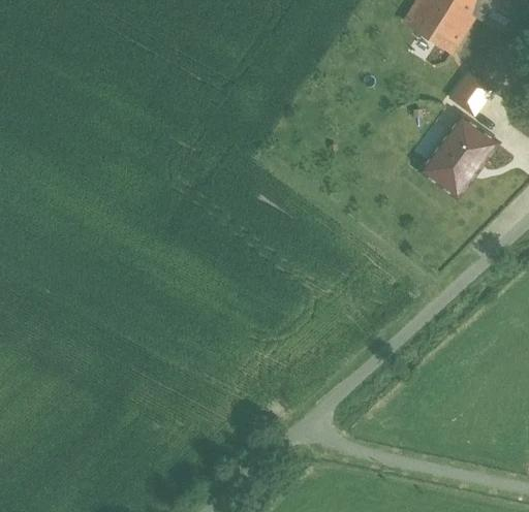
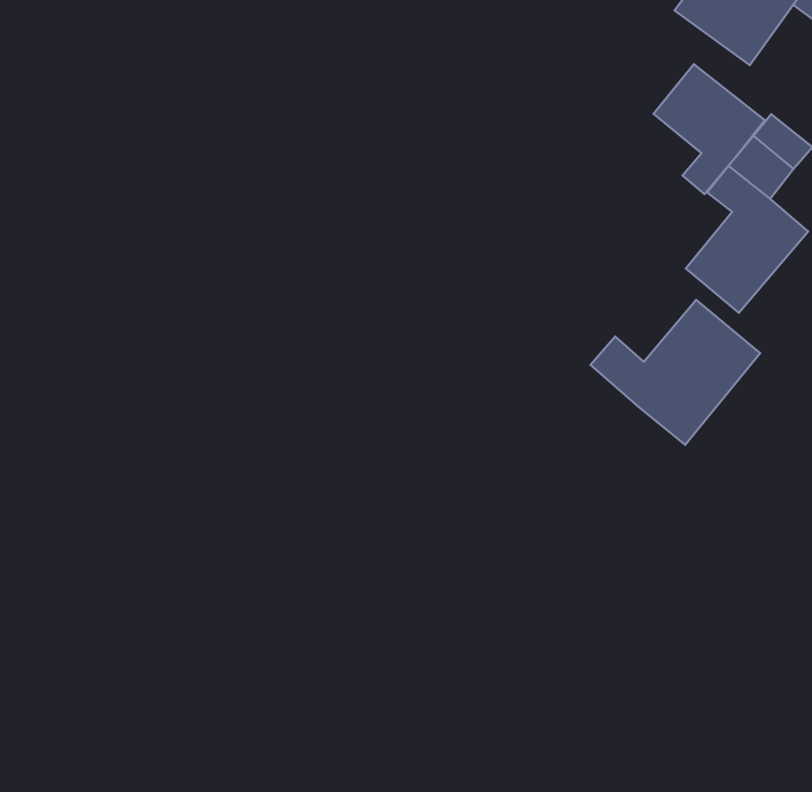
building: none -> [654,64,765,194]
building: none -> [590,300,760,445]

